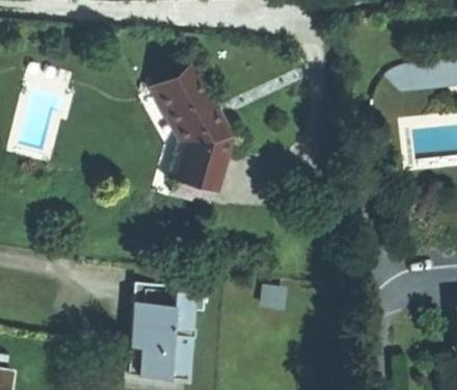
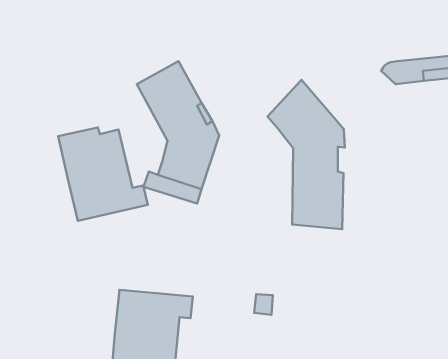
building: none -> [267,80,345,229]
building: none -> [58,128,148,221]

